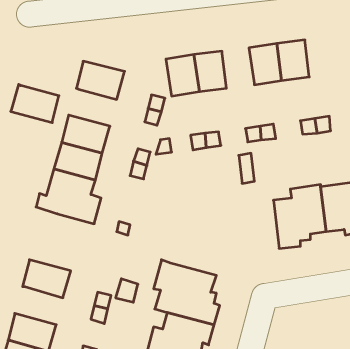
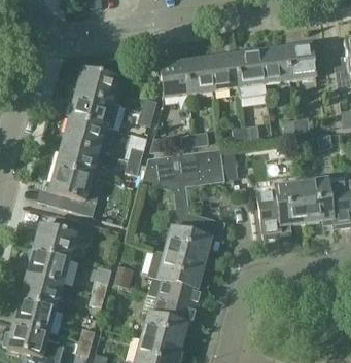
building: none -> [286,42,316,80]
building: none -> [210,53,240,90]
building: [11,84,59,123] -> [69,90,113,125]
building: none -> [142,147,226,262]
building: none -> [33,213,91,258]
building: none -> [20,273,64,307]

